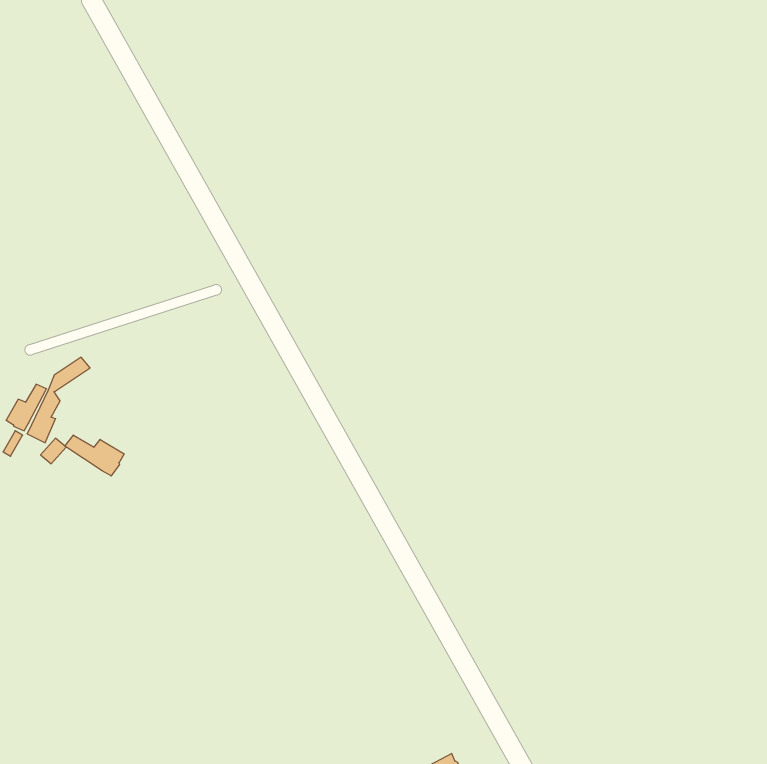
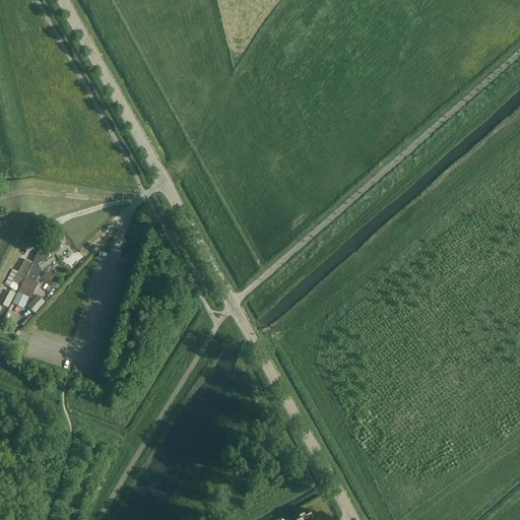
building: [65,435,124,476] -> none

